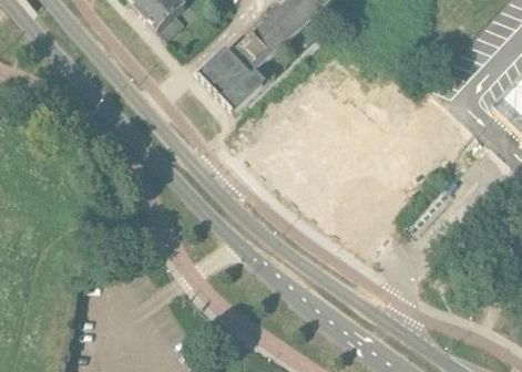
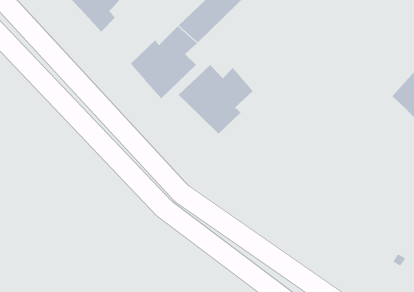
building: none -> [178,64,253,135]

